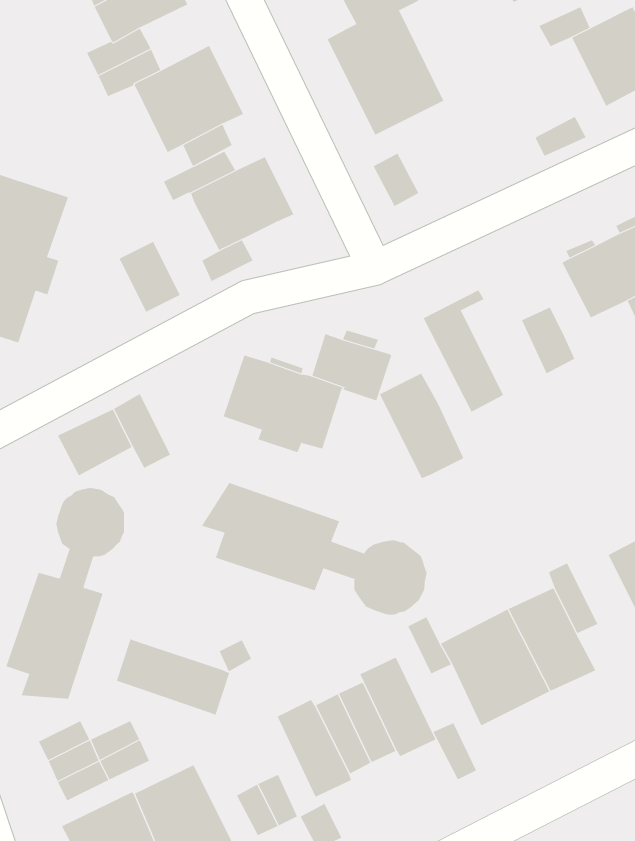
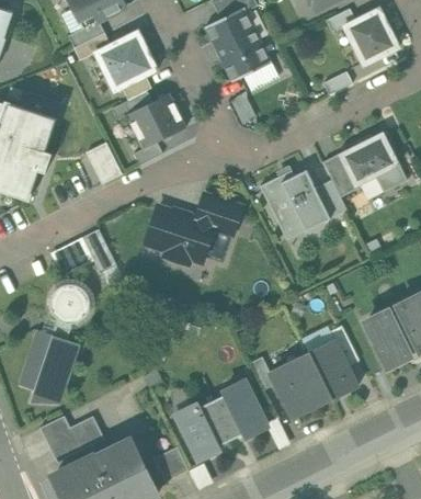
building: none -> [322,155,360,197]
building: [379,373,466,479] -> [281,170,330,230]
building: [201,482,427,616] -> none
building: [116,639,230,715] -> none

